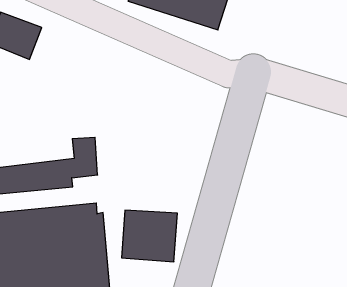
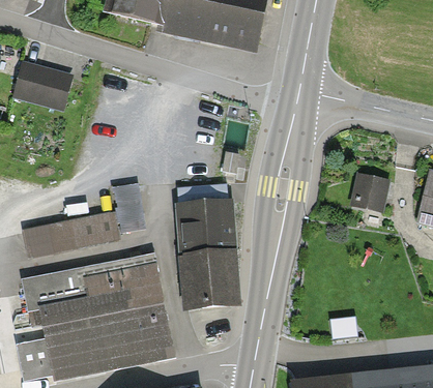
building: none -> [351,174,388,210]
building: none -> [177,202,235,257]

